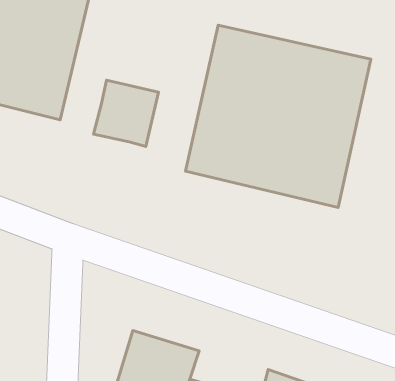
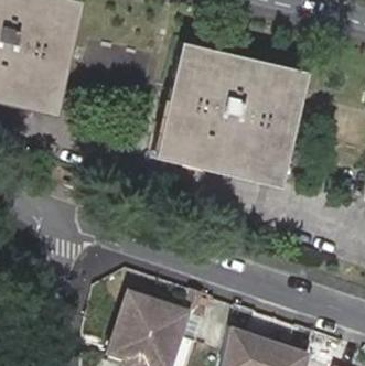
building: [94,80,159,147] -> none

